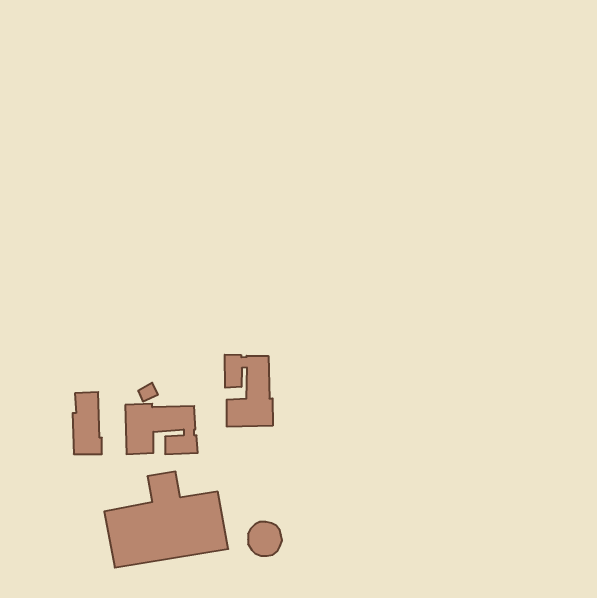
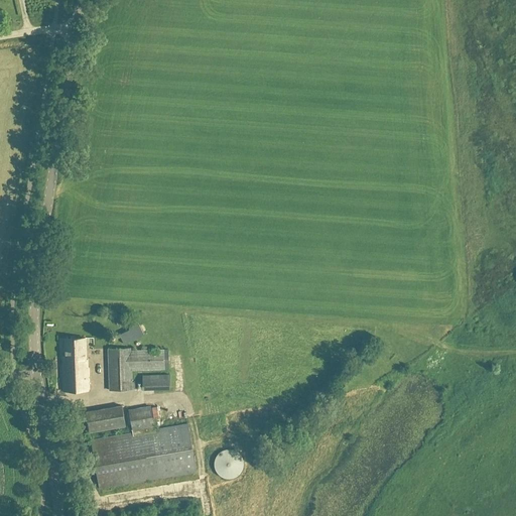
building: [225,355,273,427] -> none
building: none -> [86,406,125,432]

